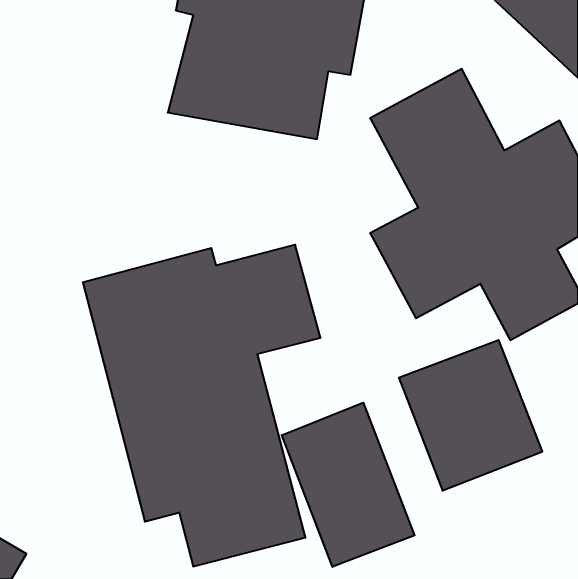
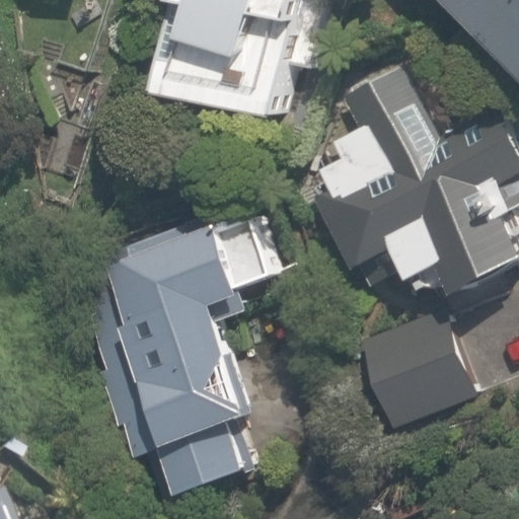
building: [282,403,415,567] -> none

